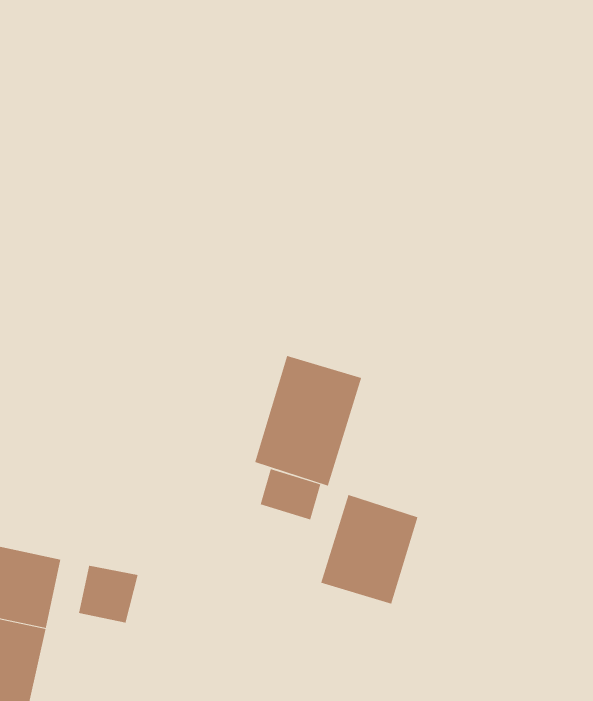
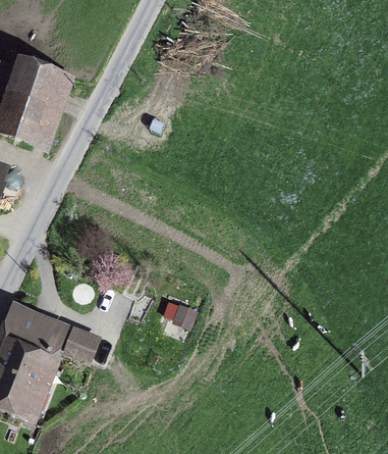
building: [254,355,362,486] -> none
building: [321,494,418,604] -> none

